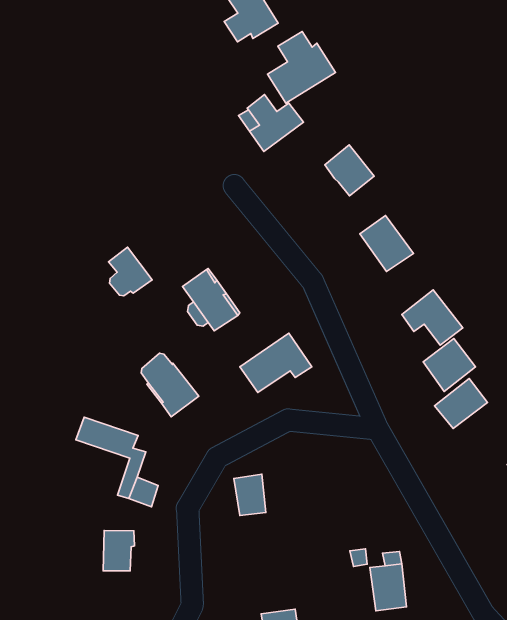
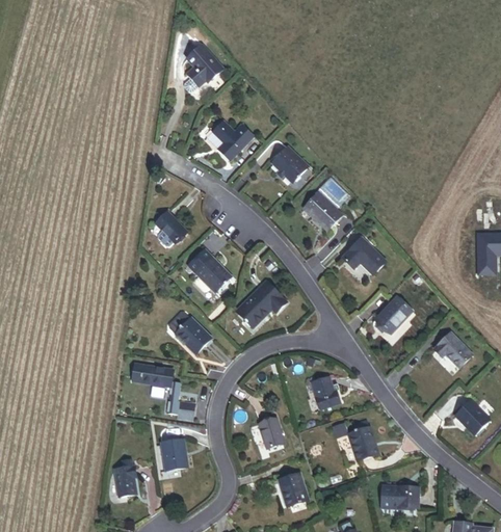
building: [267,32,335,103] -> none
building: [108,247,152,296] -> [154,210,186,244]
building: [423,338,475,392] -> none
building: [234,474,266,516] -> [261,416,287,447]
building: none -> [311,377,341,410]
building: none -> [114,470,136,501]

